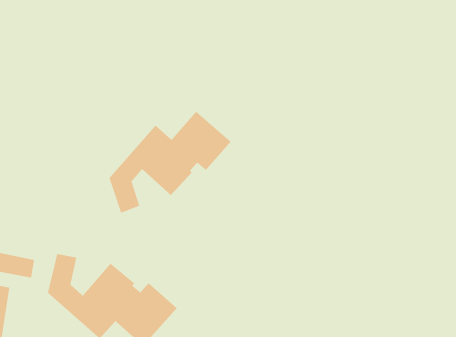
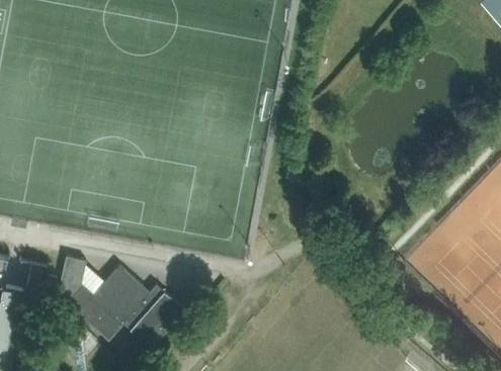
building: [109,111,231,213] -> none

